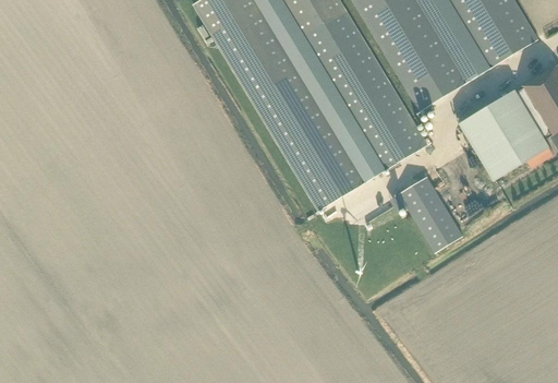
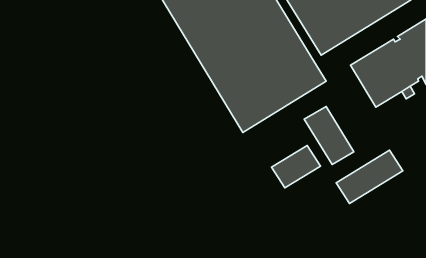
building: none -> [272,145,320,188]
building: none -> [336,150,403,203]

